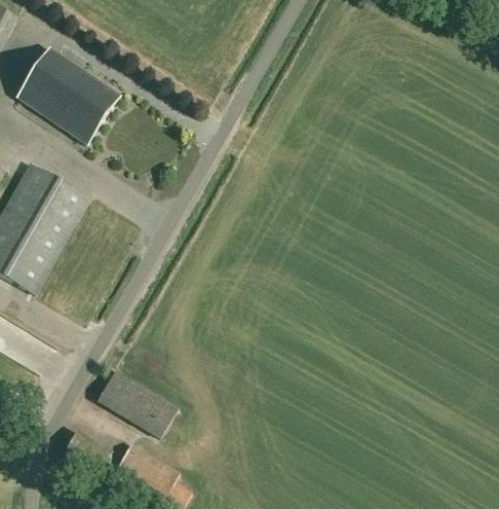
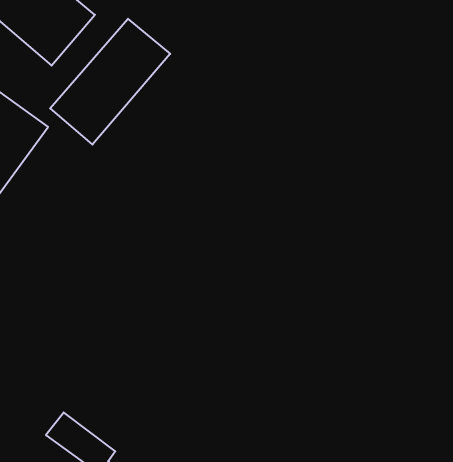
building: none -> [50,19,170,145]
building: [95,370,176,437] -> none

